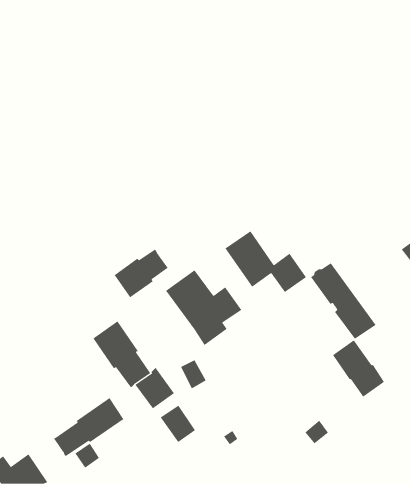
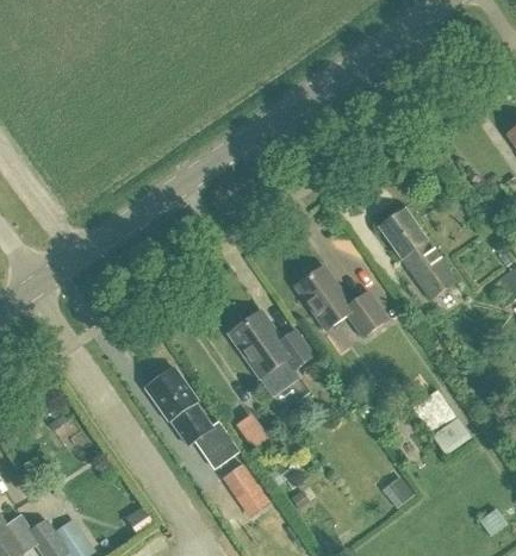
building: [114,249,169,298] -> none
building: [310,262,377,340] -> [380,211,455,298]
building: [53,397,124,457] -> none

